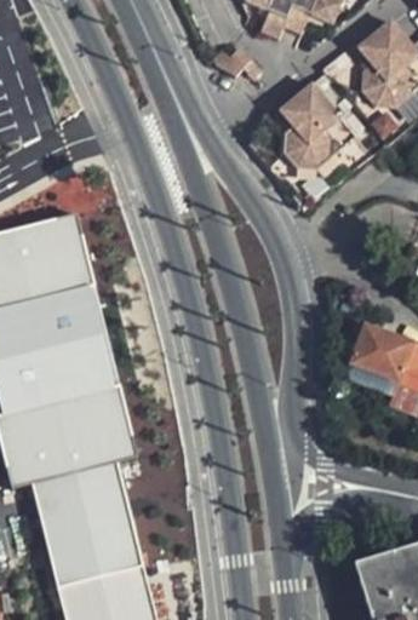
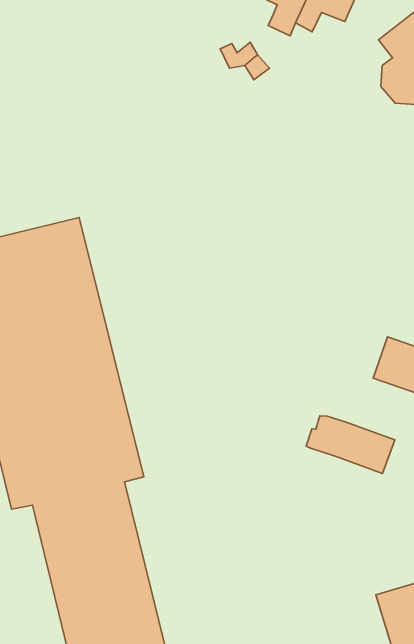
building: [280,88,355,173] -> none
building: none -> [306,416,395,474]

